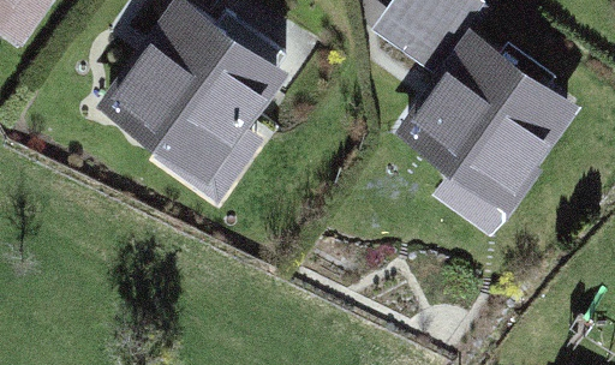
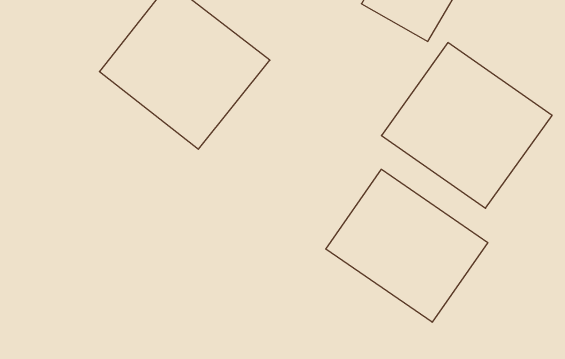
building: none -> [326,169,488,322]

